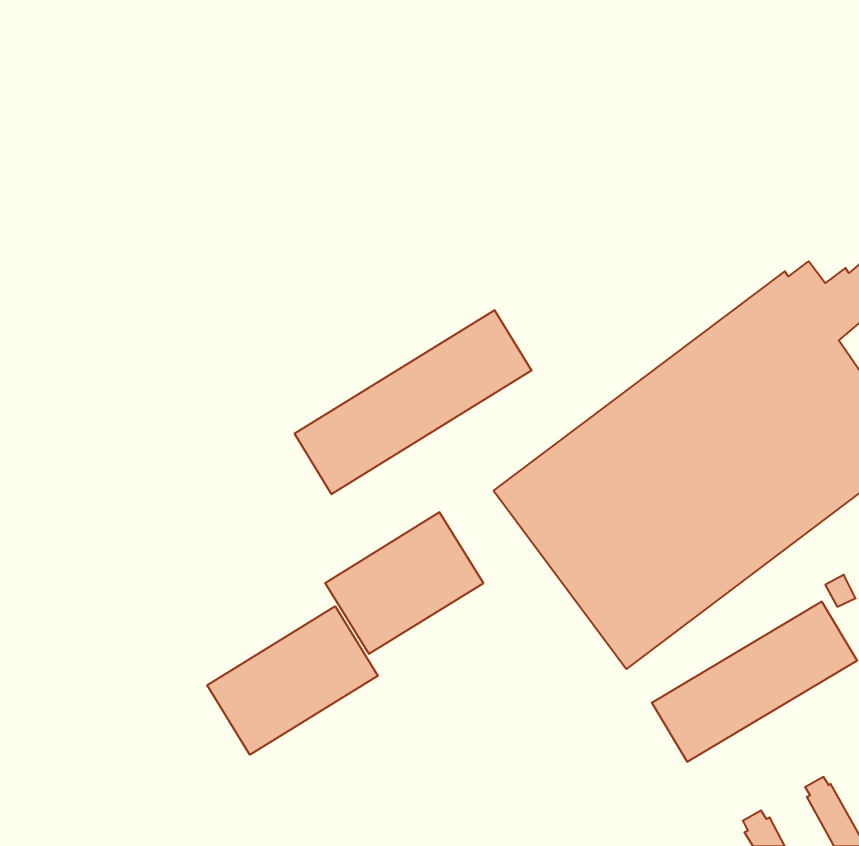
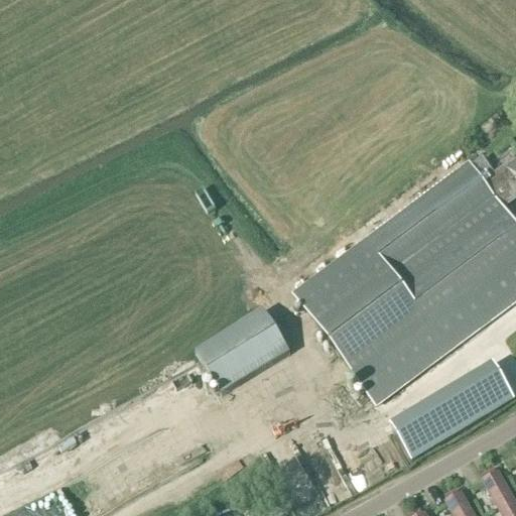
building: [295,310,532,494] -> none
building: [207,606,378,755] -> none

